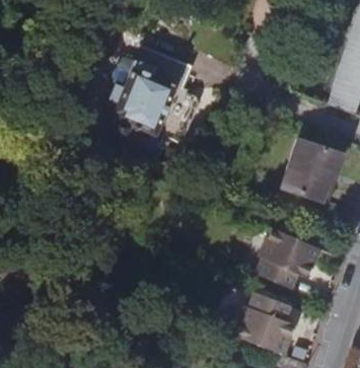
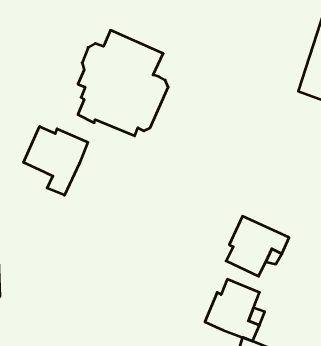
building: [282,134,346,196] -> none
building: none -> [24,126,88,195]

